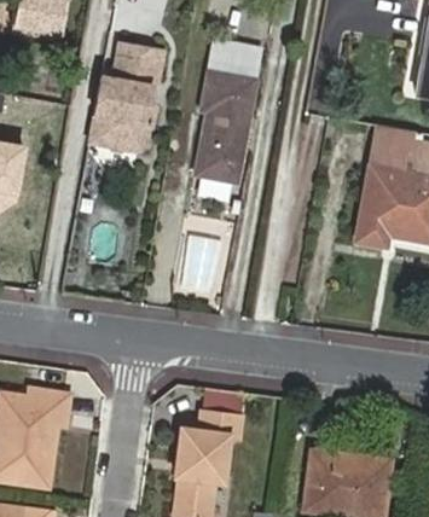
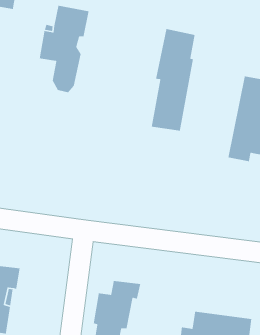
building: [197,39,259,181] -> [151,28,195,131]

